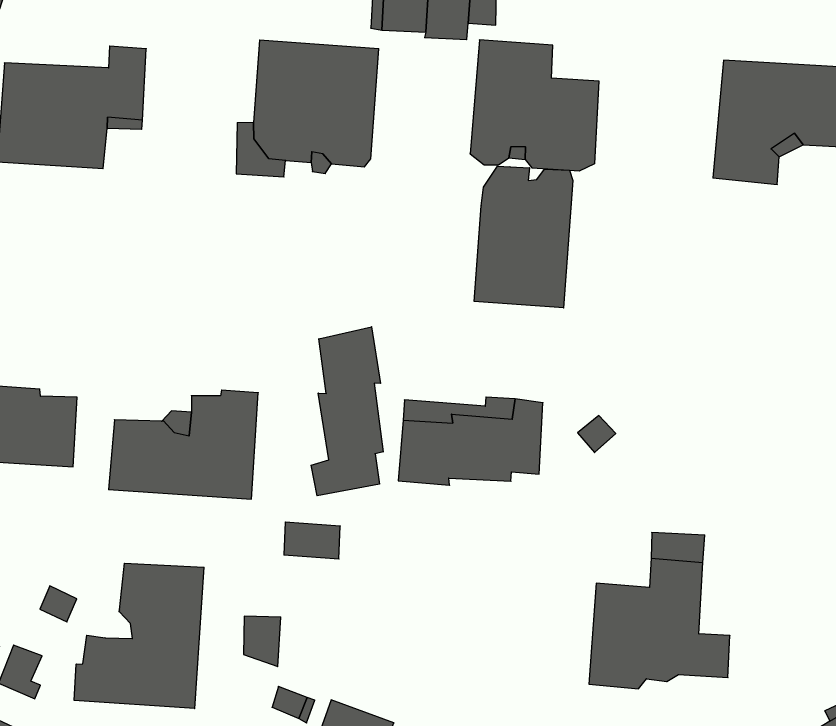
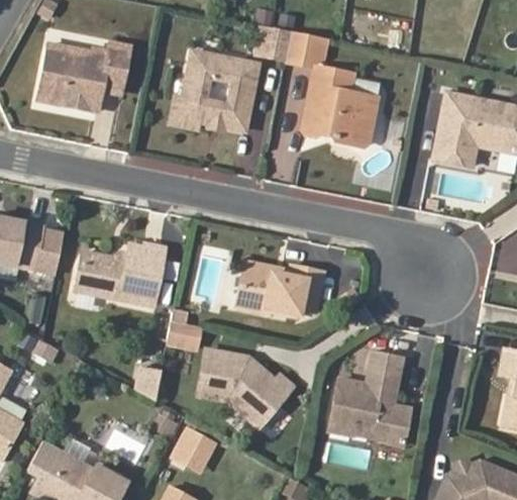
building: [474,166,573,308] -> none
building: [311,327,383,496] -> none
building: none -> [203,345,298,425]
building: [74,563,204,709] -> none

